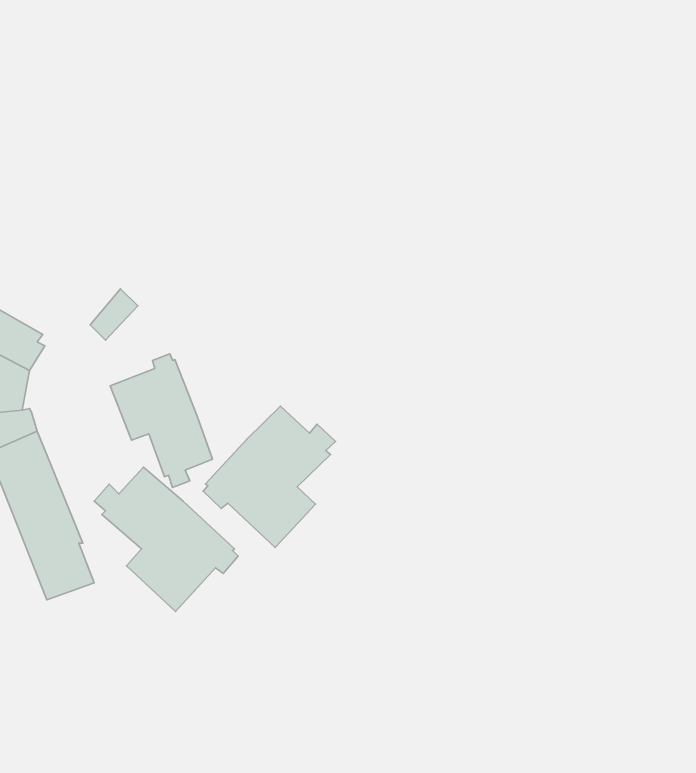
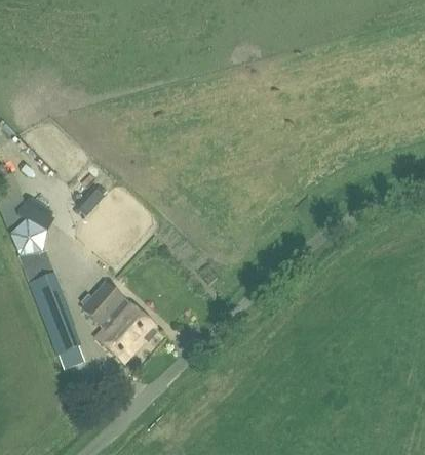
building: [110,354,213,487] -> none
building: [203,406,335,548] -> none

